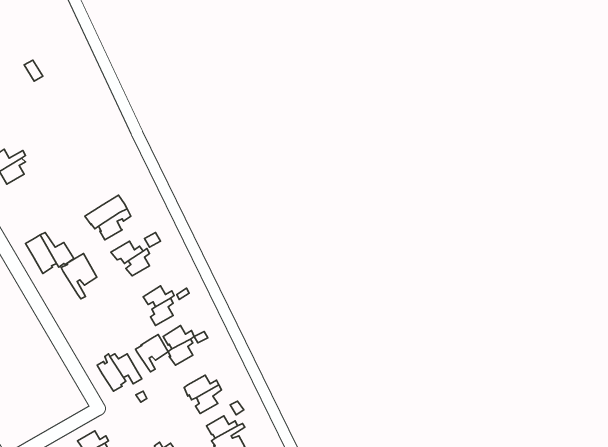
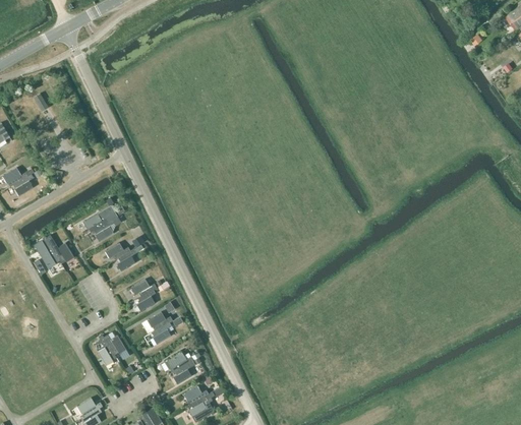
building: [61,253,97,299] -> none
building: [135,334,168,372] -> none

